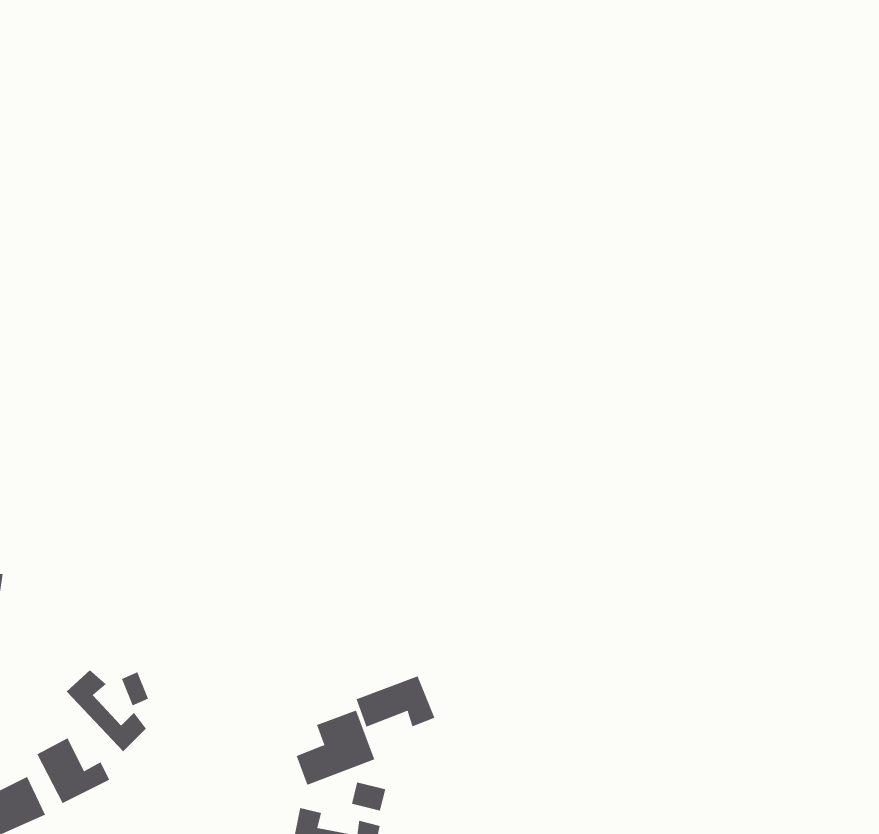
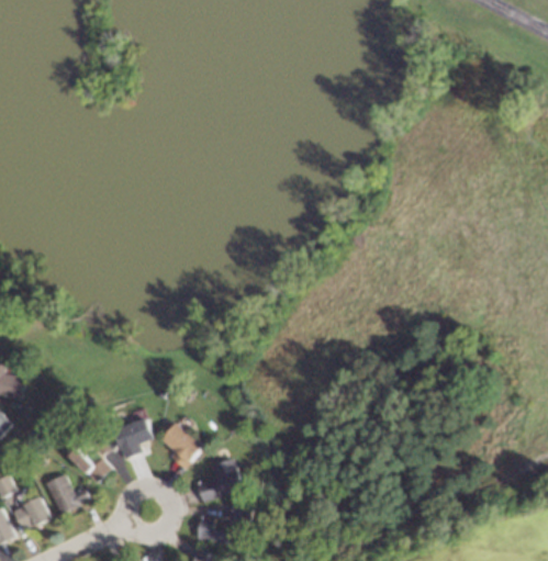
building: none -> [114,418,154,459]
building: none -> [165,422,204,467]
building: [356,676,435,727] -> none

